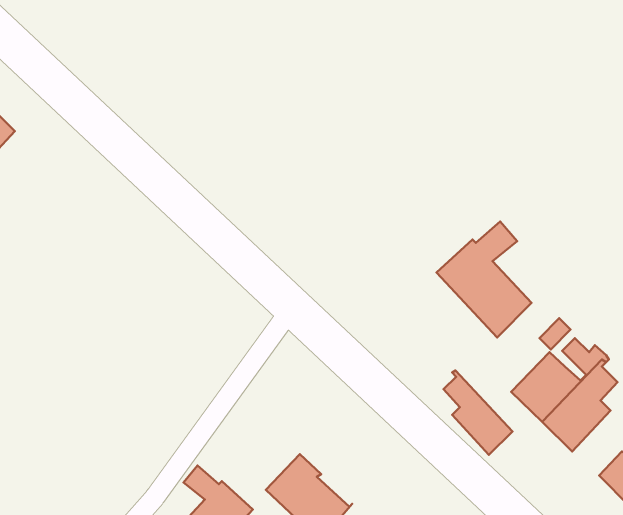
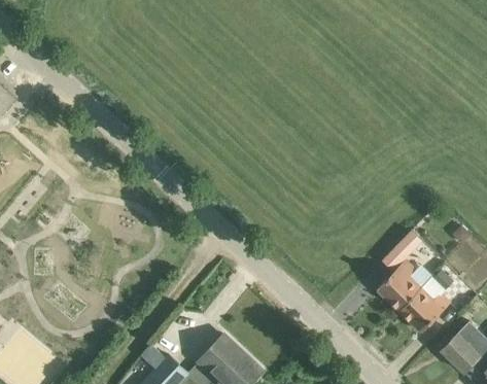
building: [436,221,531,337] -> none
building: [444,371,513,455] -> none

